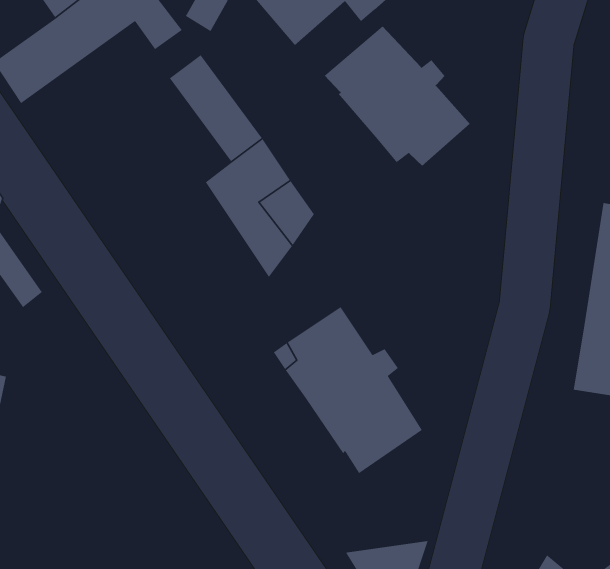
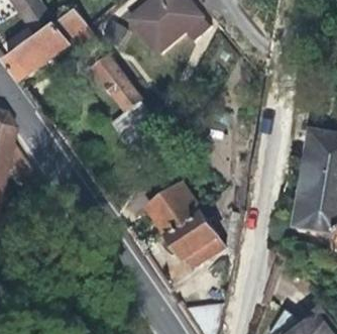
building: [324,25,471,167] -> none

